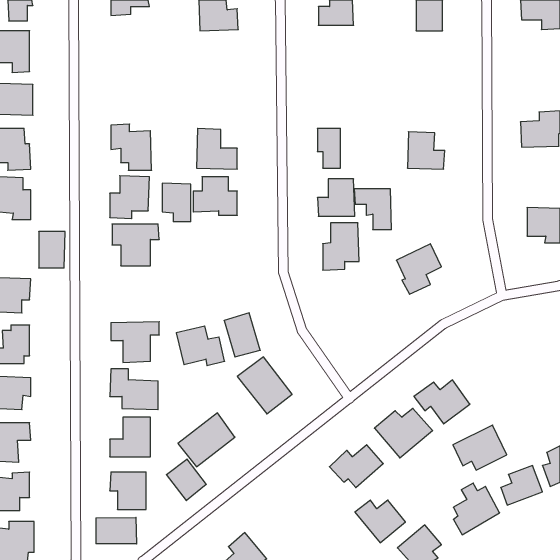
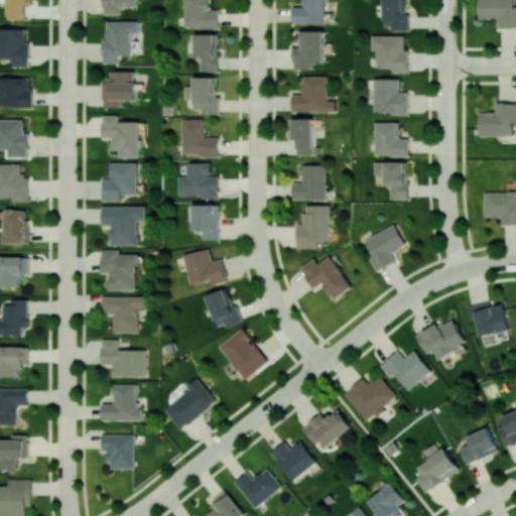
building: none -> [104,22,139,63]
building: none -> [292,31,324,70]
building: none -> [194,34,218,72]
building: none -> [372,36,408,73]
building: none -> [103,72,135,107]
building: none -> [291,77,336,112]
building: none -> [184,78,219,113]
building: none -> [373,79,407,114]
building: [162,183,191,222] -> [191,205,218,240]
building: [354,189,391,230] -> [373,162,407,200]
building: [39,232,65,268] -> [4,210,28,243]
building: none -> [101,250,136,290]
building: none -> [300,256,351,299]
building: [176,326,225,366] -> [182,249,227,285]
building: none -> [468,302,509,337]
building: [453,425,507,470] -> [416,317,466,359]
building: [166,459,206,501] -> none
building: [355,500,405,543] -> [270,441,316,481]
building: none -> [235,468,282,508]
building: [96,517,137,544] -> none

